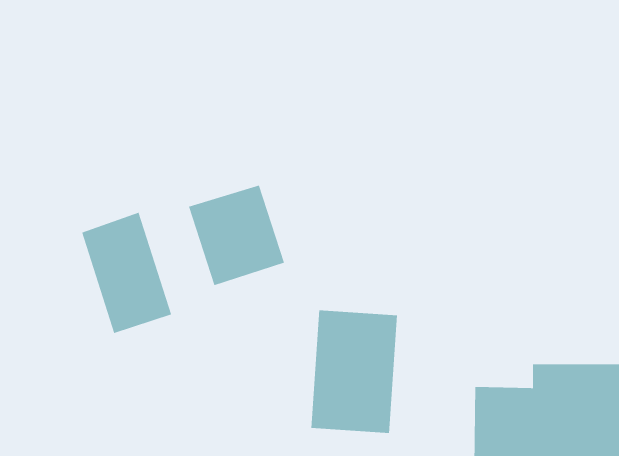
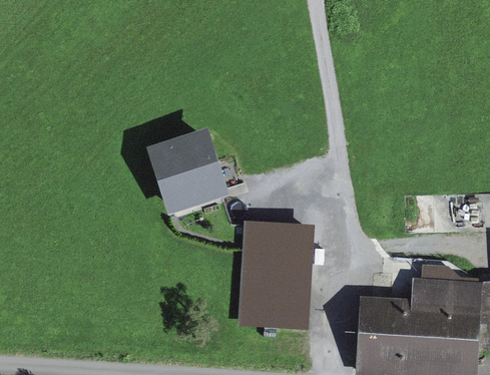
building: [82,212,172,334] -> none

